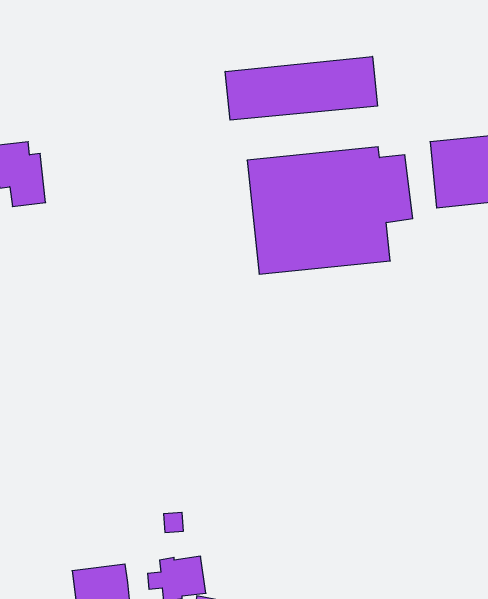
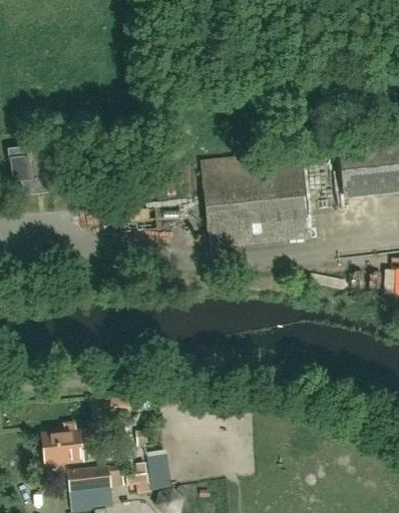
building: [225,56,377,120] -> none
building: none -> [42,422,94,476]

